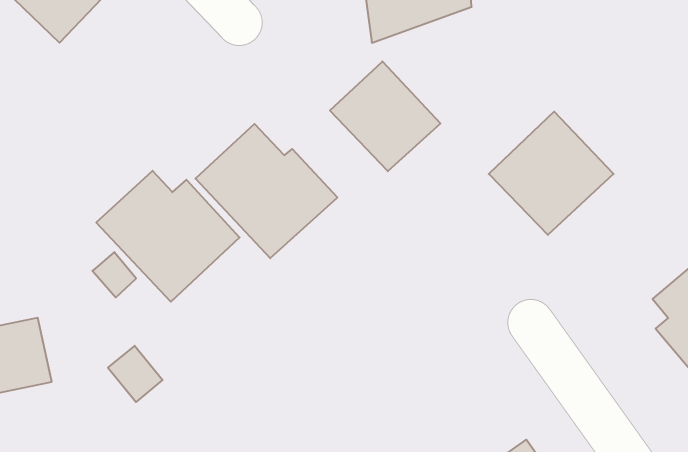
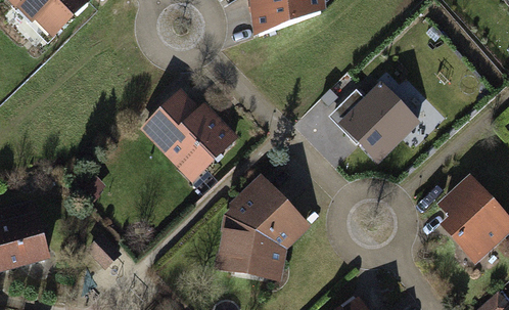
building: [330,61,440,171] -> none
building: [96,171,240,302] -> none
building: none -> [213,172,310,278]

